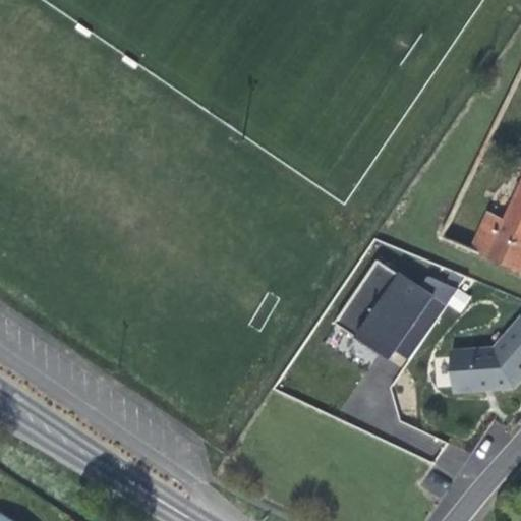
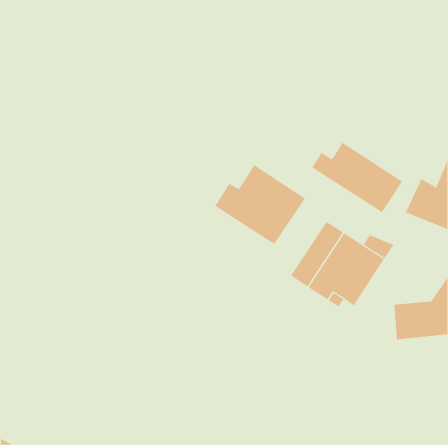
building: none -> [311,142,403,213]
building: none -> [214,164,306,245]

